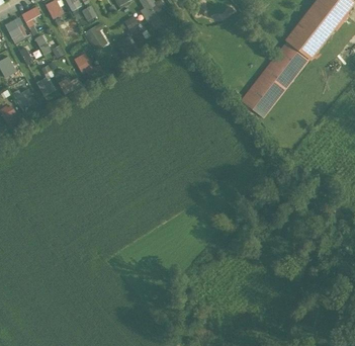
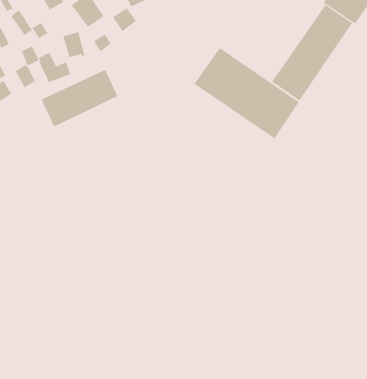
building: none -> [193,47,300,139]
building: none -> [41,69,118,128]

